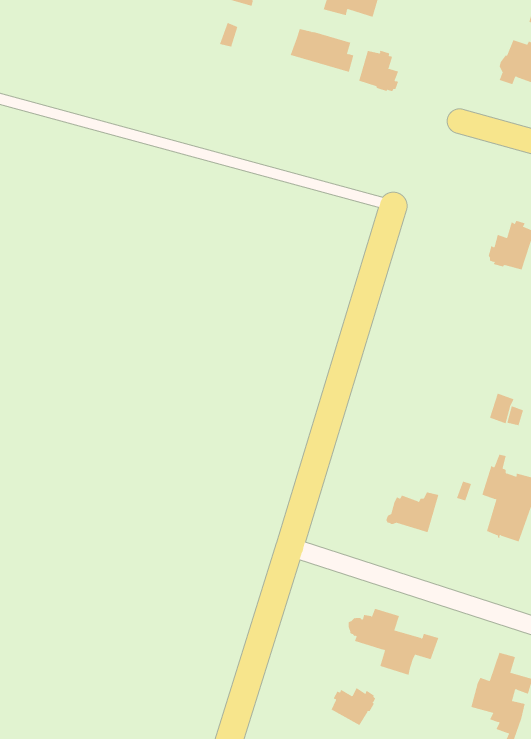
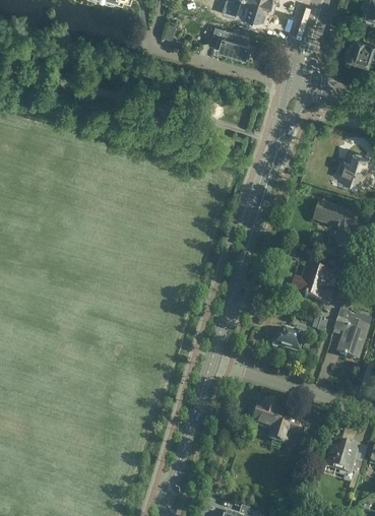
building: [359,50,399,92] -> none
building: none -> [312,199,356,246]
building: none -> [290,264,332,302]
building: [331,687,376,726] -> none

